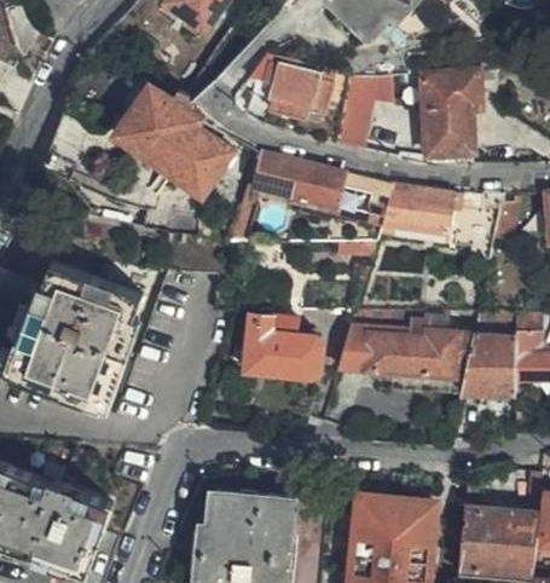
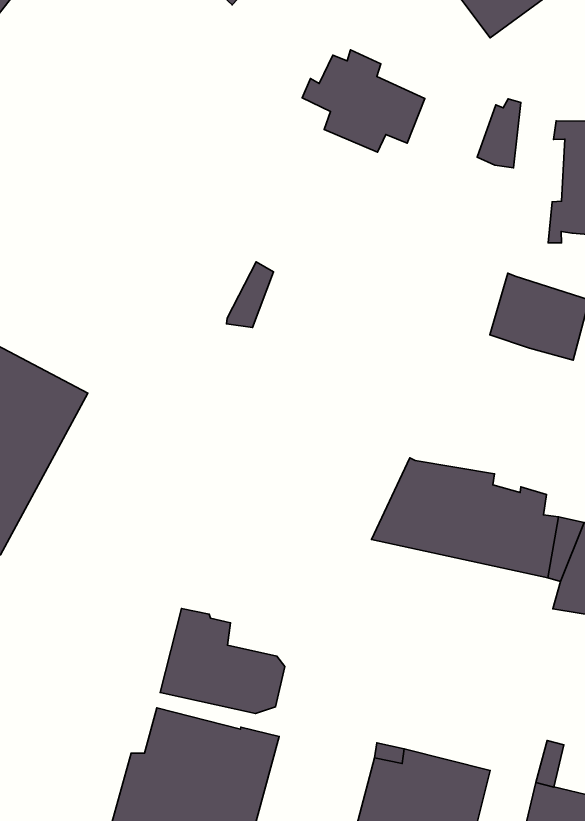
building: [335,74,377,150] -> none
building: [115,85,232,195] -> none
building: [254,151,392,215] -> none
building: [245,314,323,375] -> [160,608,285,714]

